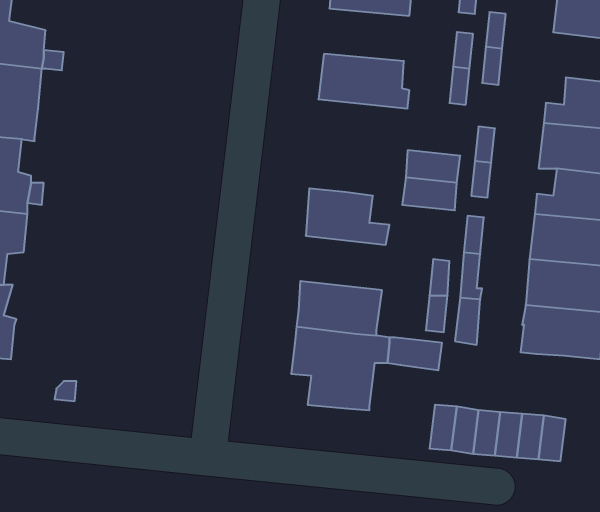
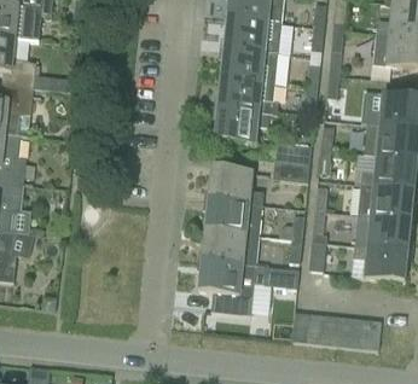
building: none -> [221,47,278,82]
building: none -> [215,107,277,142]
building: none -> [205,198,262,234]

